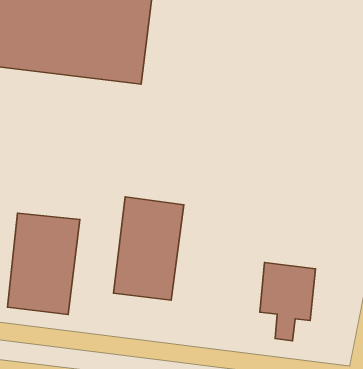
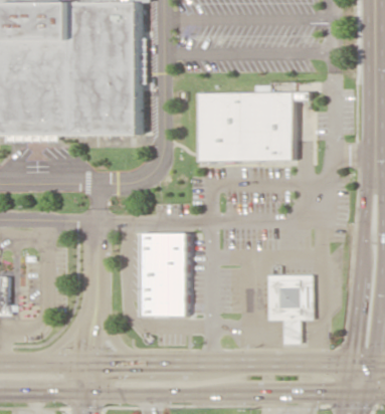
building: none -> [200,91,295,162]
building: [7,213,80,314] -> none

